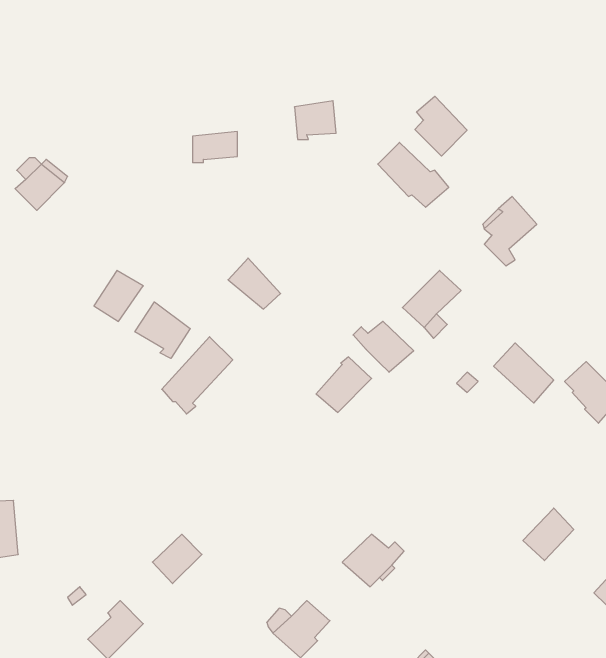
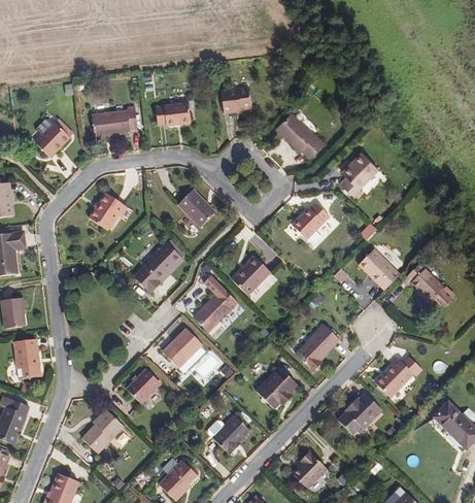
building: [415,96,467,156] -> none
building: none -> [95,108,140,136]
building: [135,302,190,358] -> none
building: [353,321,414,372] -> none
building: none -> [195,290,235,330]
building: none -> [296,321,339,366]
building: none -> [168,331,200,365]
building: none -> [341,388,382,429]

